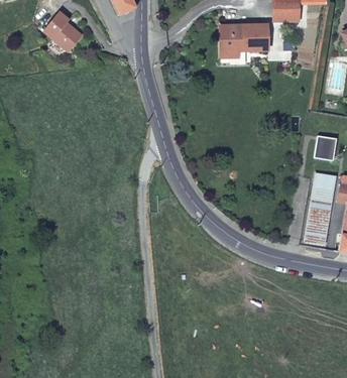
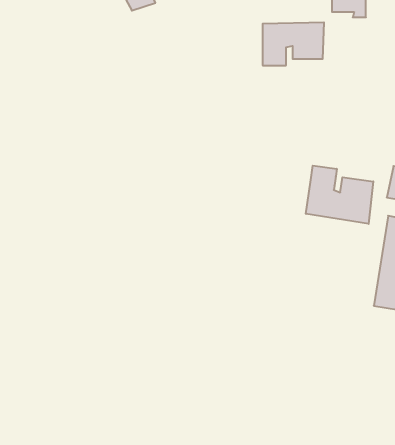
building: [44,13,81,52] -> none
building: none -> [306,166,373,224]

